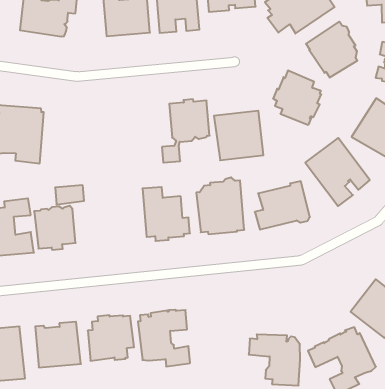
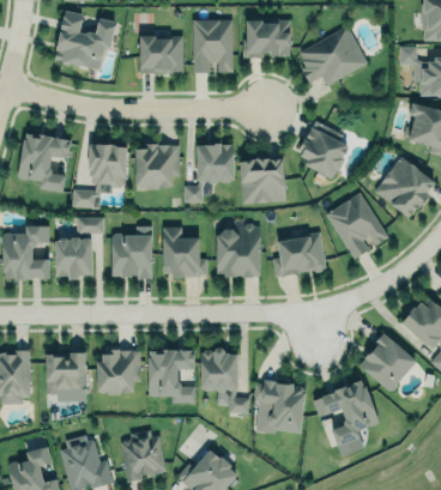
building: [306,22,357,78] -> none
building: none -> [135,145,180,190]
building: none -> [73,143,127,208]
building: none -> [111,234,152,279]
building: none -> [200,352,249,415]

